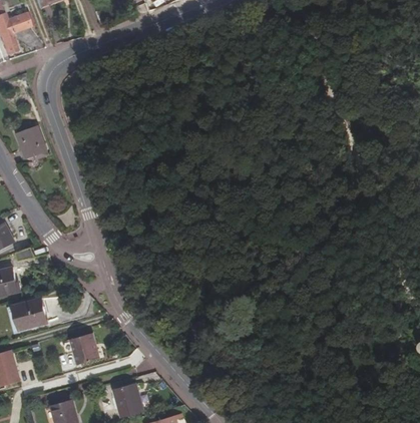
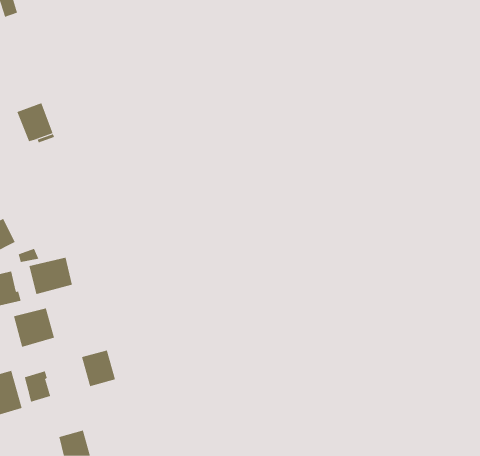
building: none -> [29,257,73,295]
building: none -> [24,371,51,402]
building: [113,384,144,417] -> none

